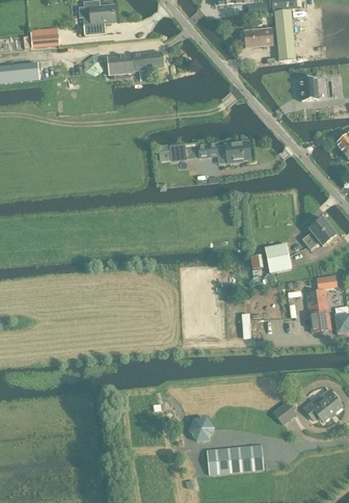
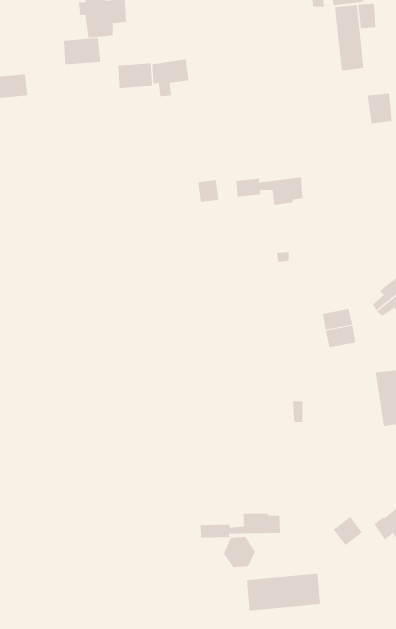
building: [31,27,60,48] -> [63,38,101,65]
building: [245,28,273,46] -> none
building: none -> [200,513,281,539]

